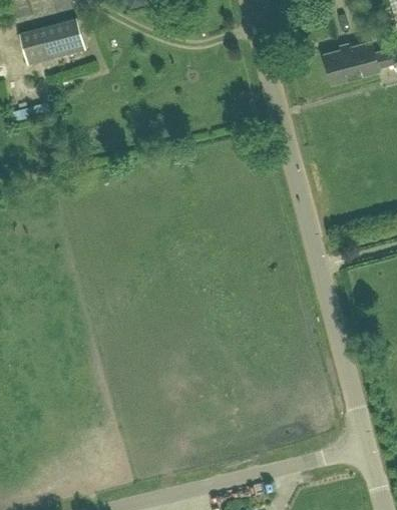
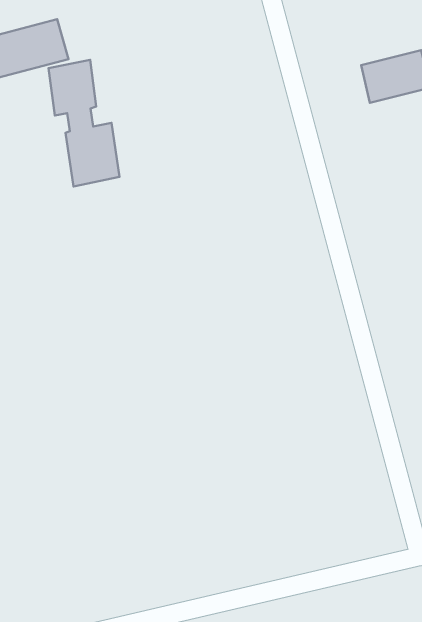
building: none -> [48,60,119,187]

